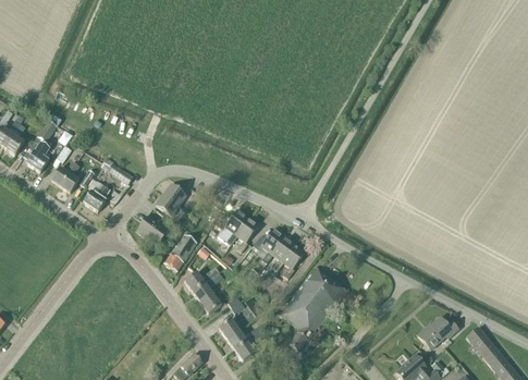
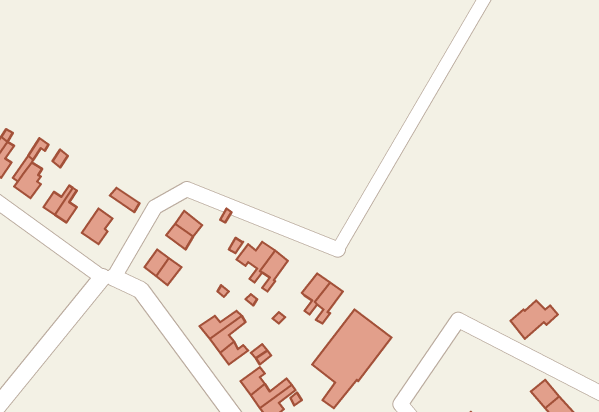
building: [255,228,284,263] -> none
building: [164,234,197,271] -> none
building: [418,317,458,350] -> [511,301,558,339]

